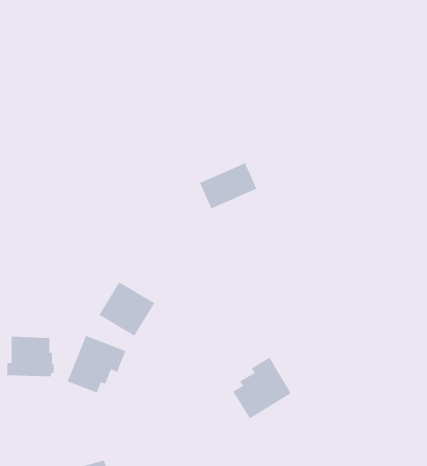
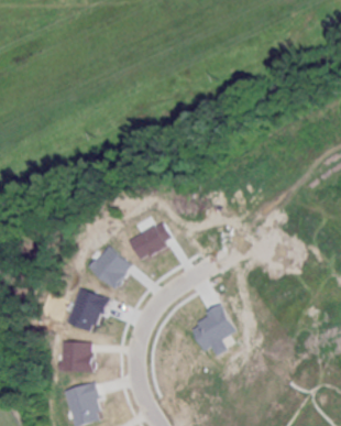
building: [199,163,257,209] -> [129,223,173,259]
building: [7,336,54,377] -> [57,341,94,372]

